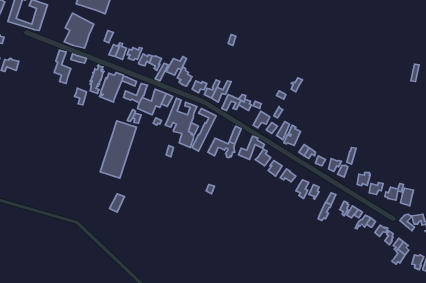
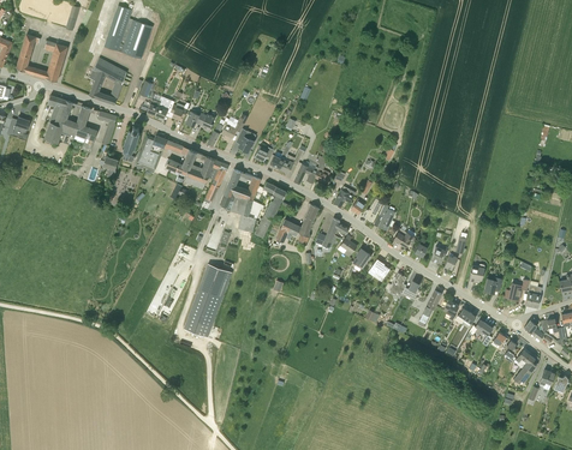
building: none -> [43,95,79,143]
building: [100,121,136,178] -> [184,262,231,336]

